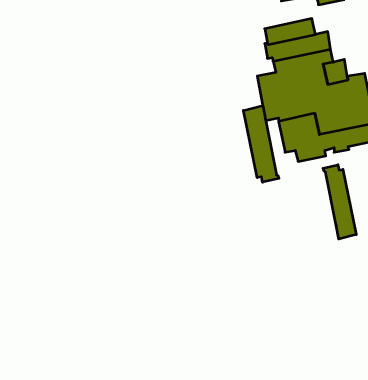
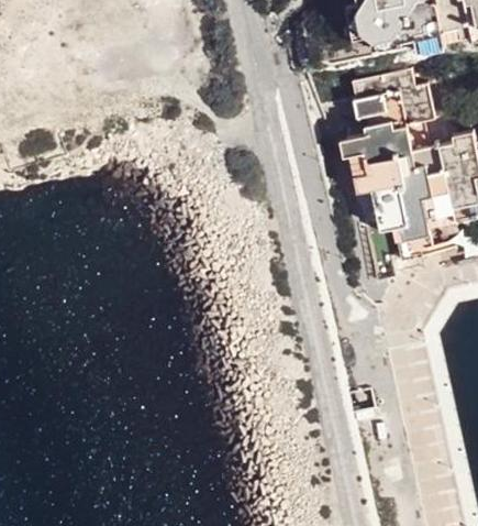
building: [243,105,279,182] -> none
building: [323,165,356,239] -> none

